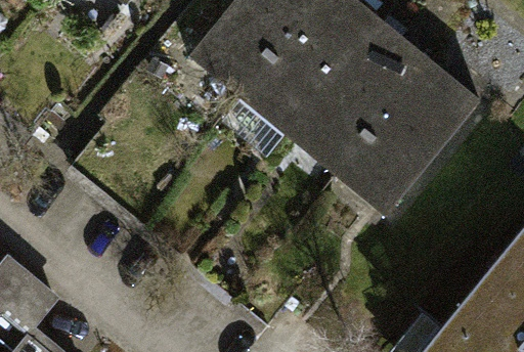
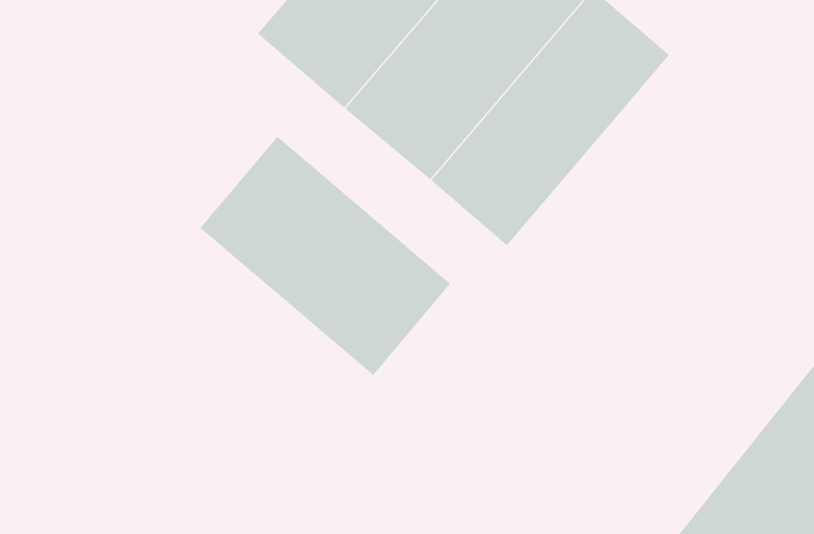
building: [336,64,476,214] -> none
building: none -> [200,136,451,376]

